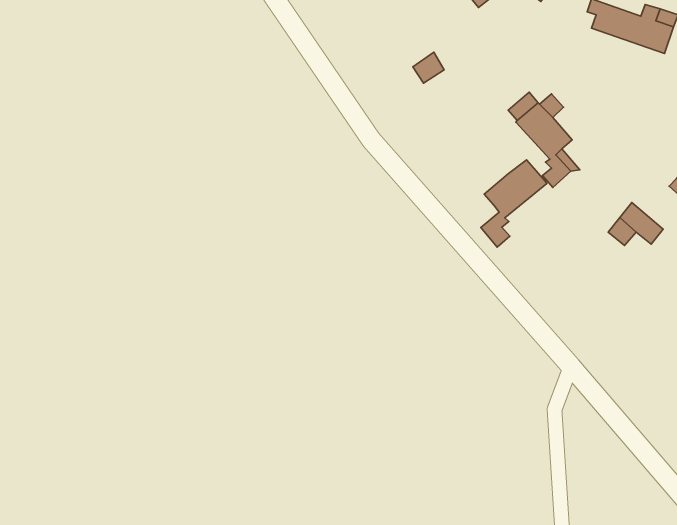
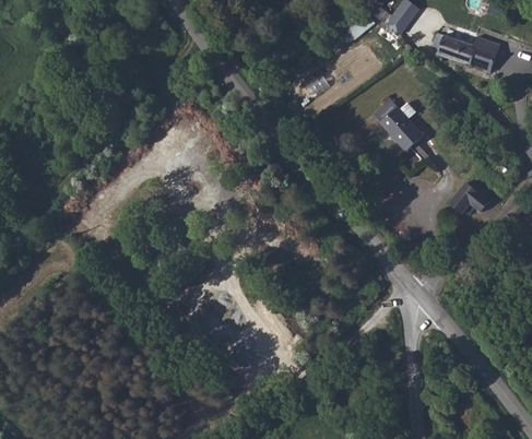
building: [481,160,547,247] -> none

